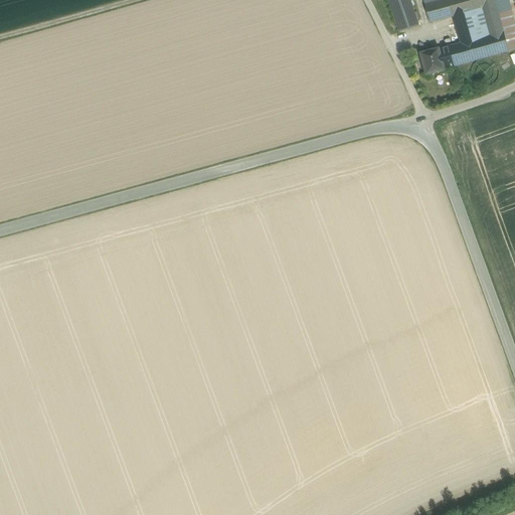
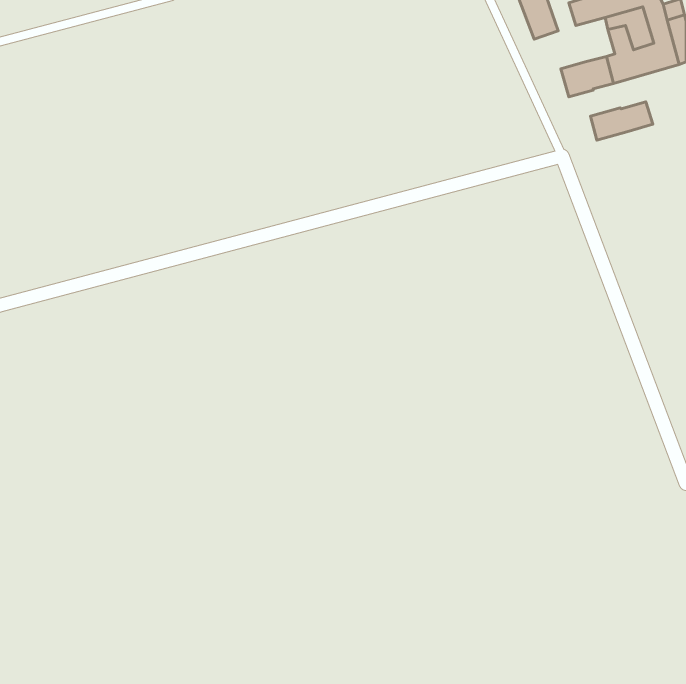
building: none -> [590,102,653,140]

